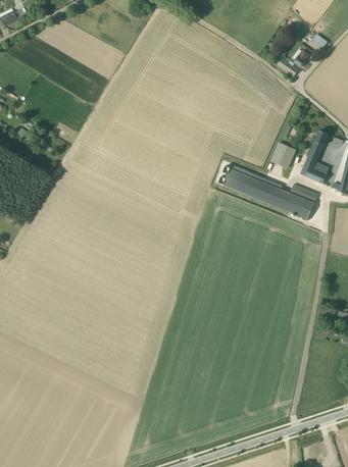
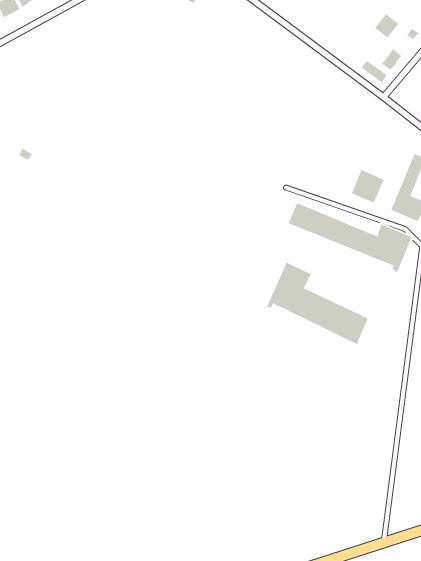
building: none -> [265,262,369,345]

